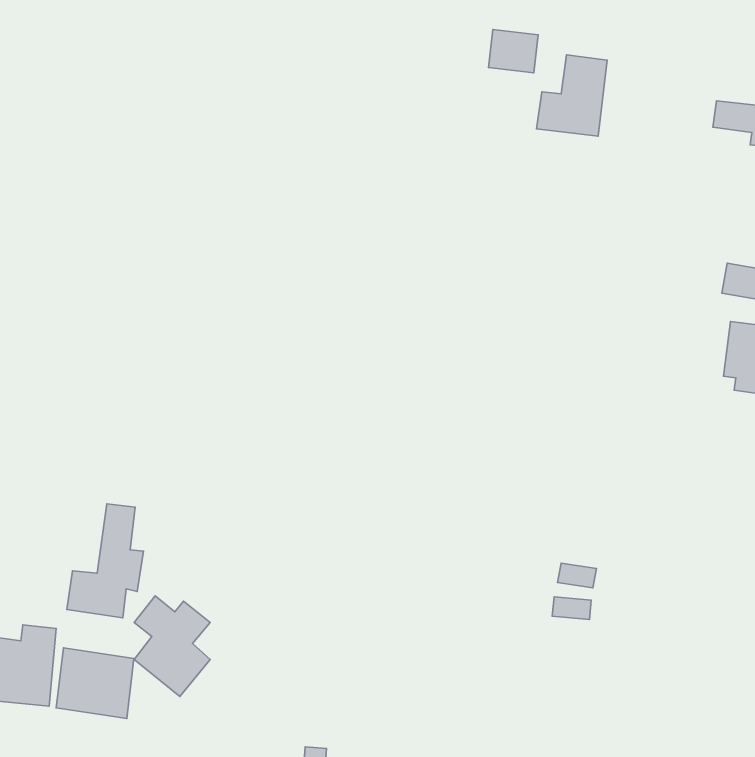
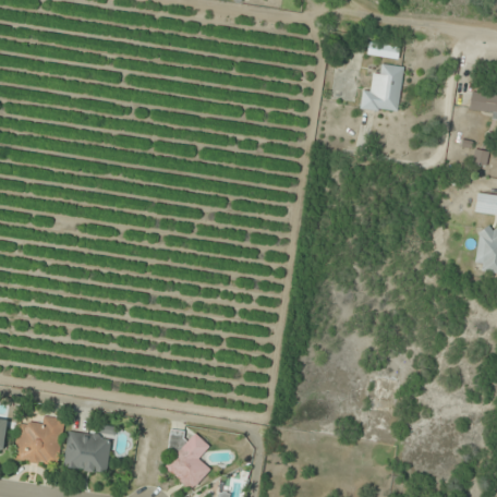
building: [489,30,538,73] -> none
building: [67,504,143,618] -> none
building: [134,596,210,696] -> [163,429,210,492]

